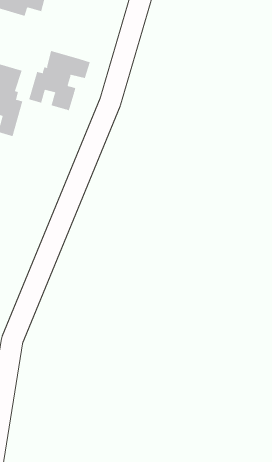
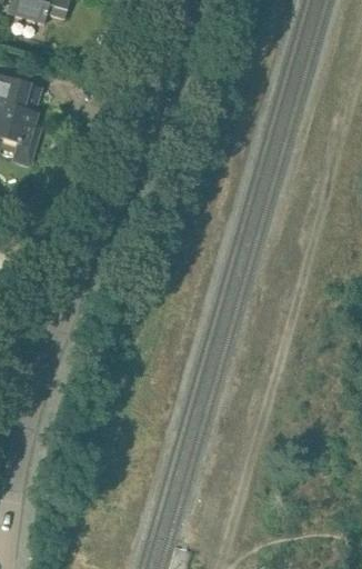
building: [29,50,90,111] -> none

